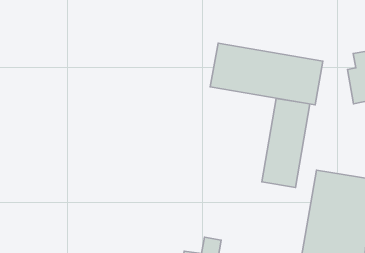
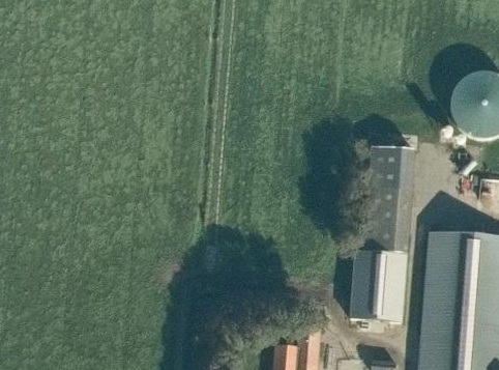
building: [210,43,323,105] -> none
building: none -> [350,249,405,320]

